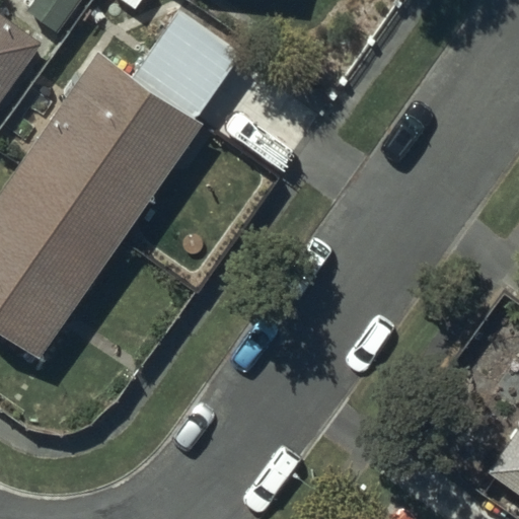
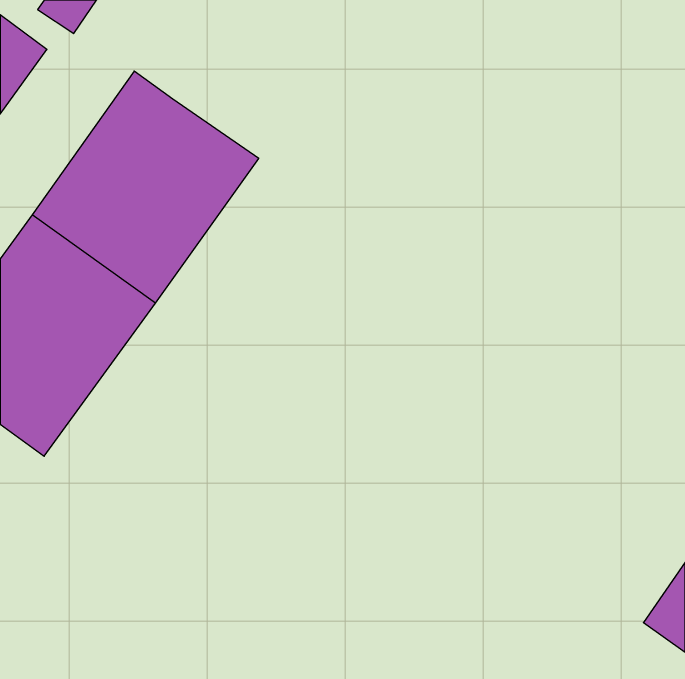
building: [131,13,241,125] -> none

